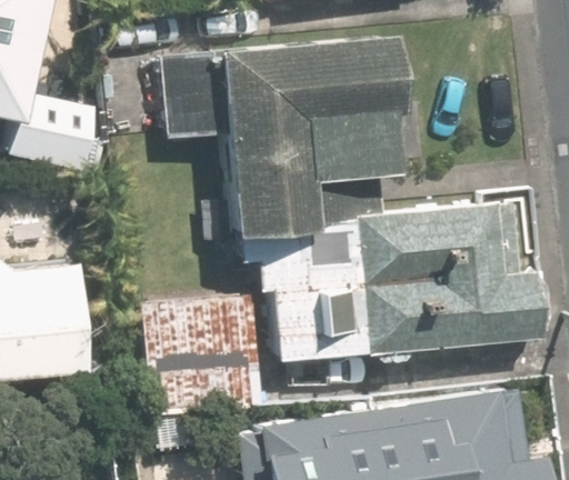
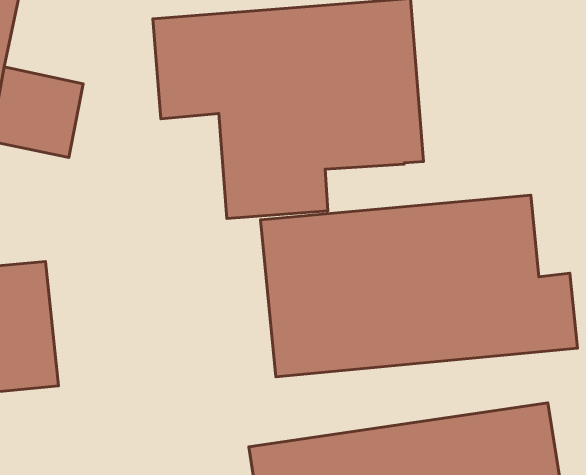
building: [144,294,262,410] -> none

